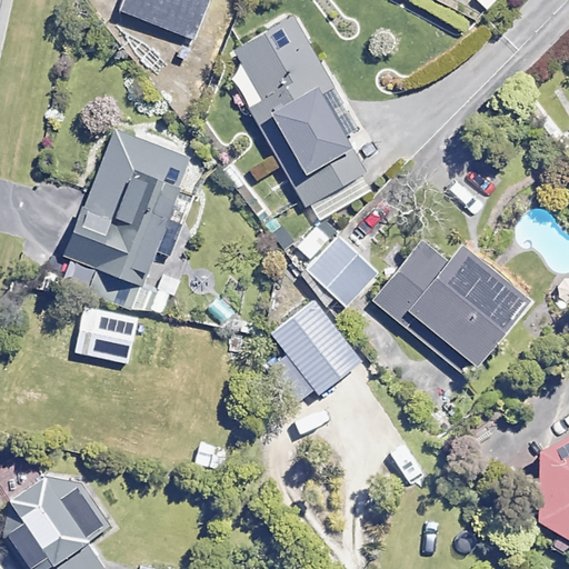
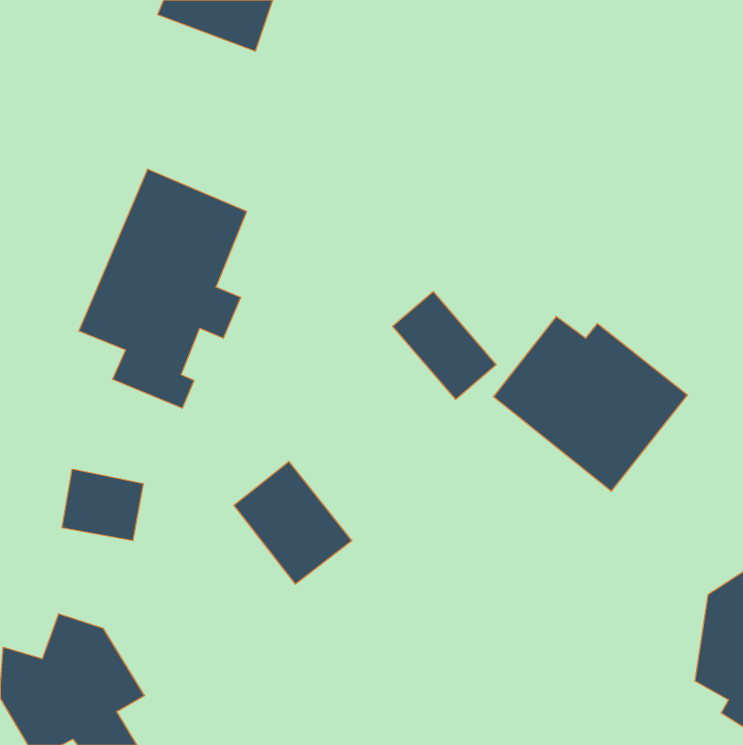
building: [229,14,375,224] -> none
building: [270,301,360,395] -> [234,462,352,584]
building: [76,307,138,361] -> [62,469,144,541]

